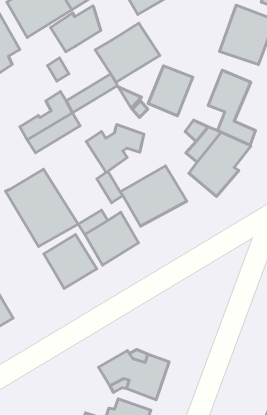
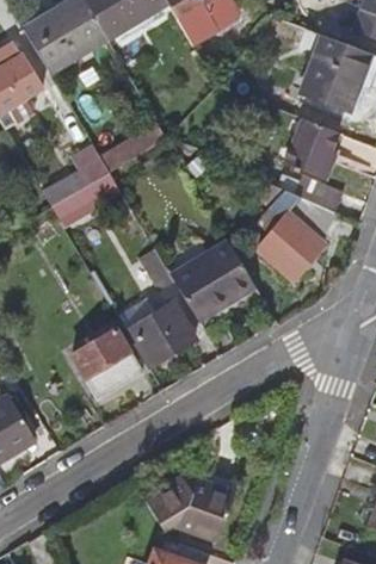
building: [50,6,101,52] -> none
building: [95,23,160,82] -> none
building: [148,66,193,116] -> none
building: [86,125,144,172] -> none
building: [5,169,78,247] -> none

